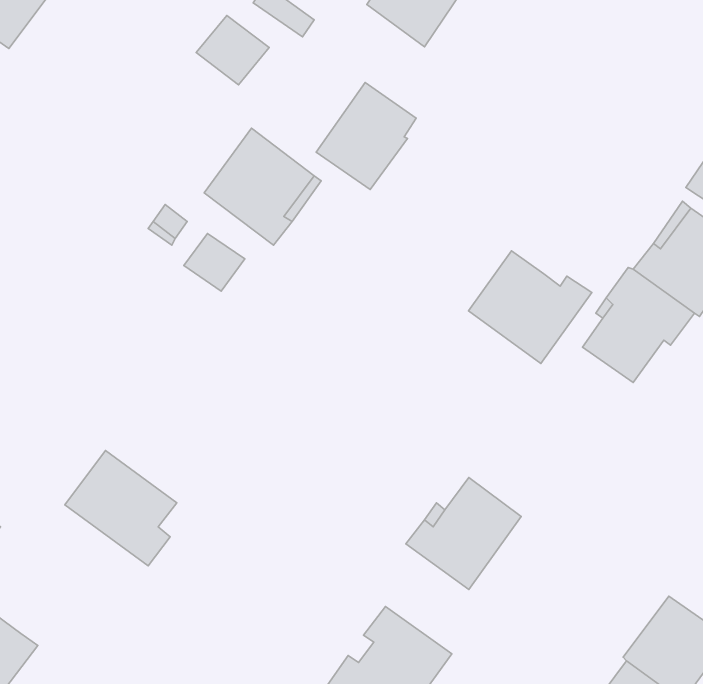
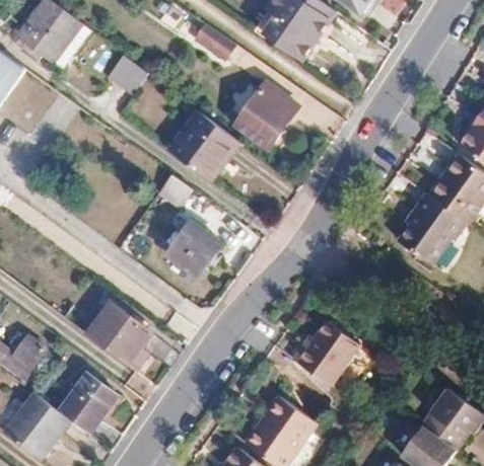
building: [196,15,269,85] -> [105,54,148,95]
building: [469,251,592,363] -> none
building: none -> [166,221,222,278]
building: none -> [59,373,117,434]

